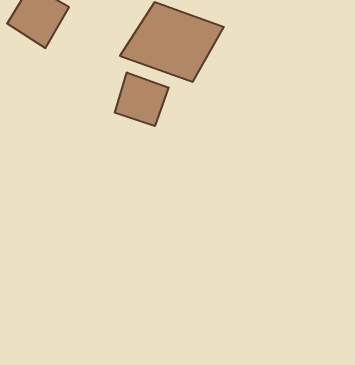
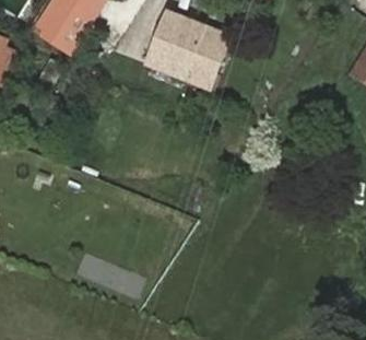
building: [115,72,169,126] -> none

